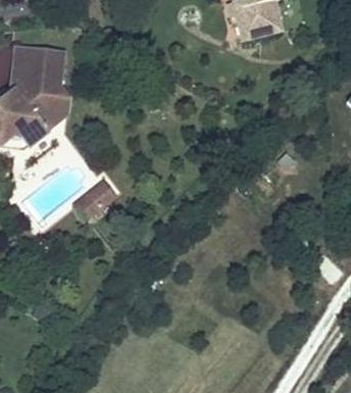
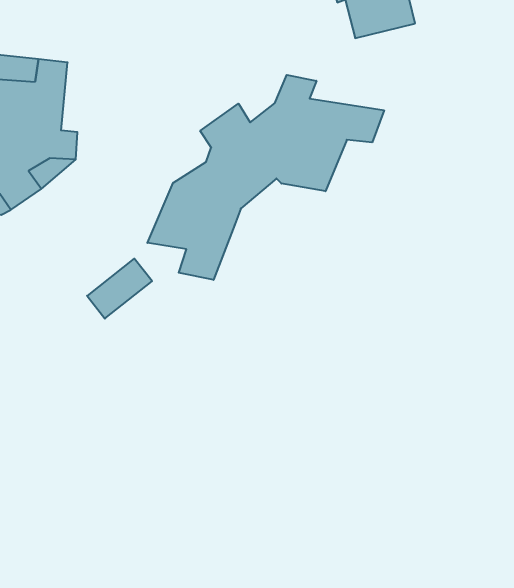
building: none -> [147,75,384,280]

